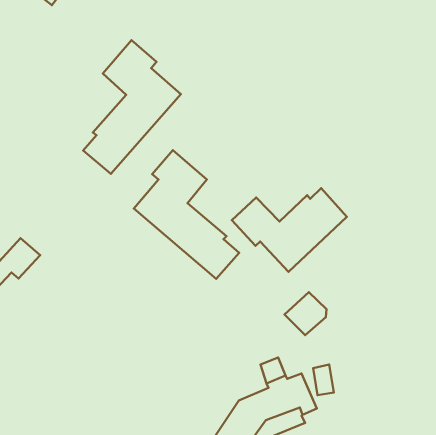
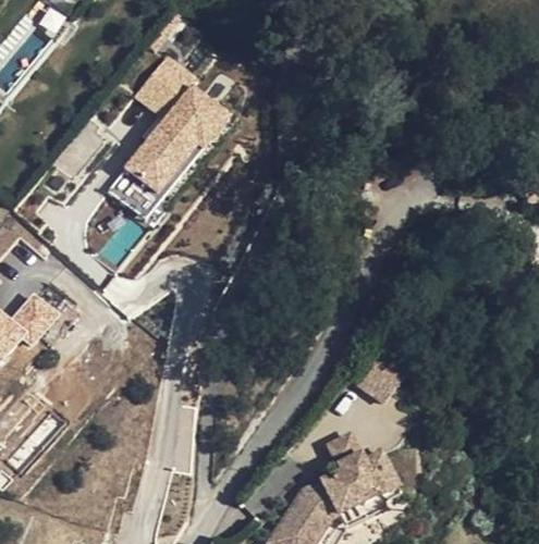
building: [134,150,239,279] -> none
building: [232,188,347,272] -> none

